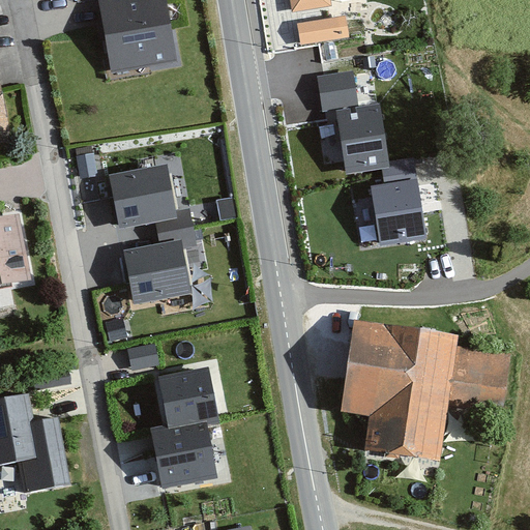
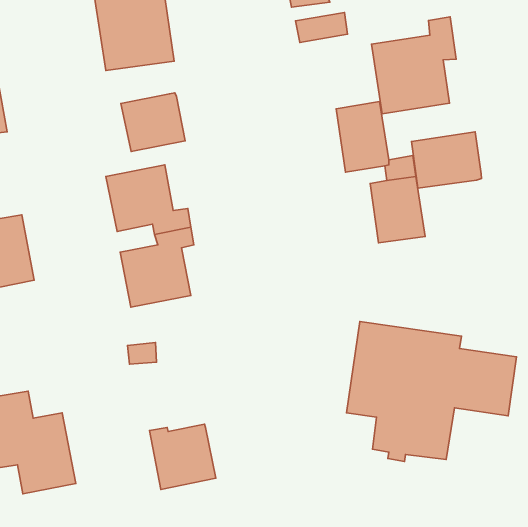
building: none -> [371,17,456,114]
building: [315,69,357,108] -> none
building: none -> [121,93,185,151]
building: none -> [412,132,481,188]
building: [157,369,217,431] -> none

